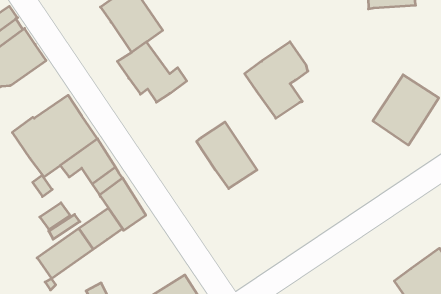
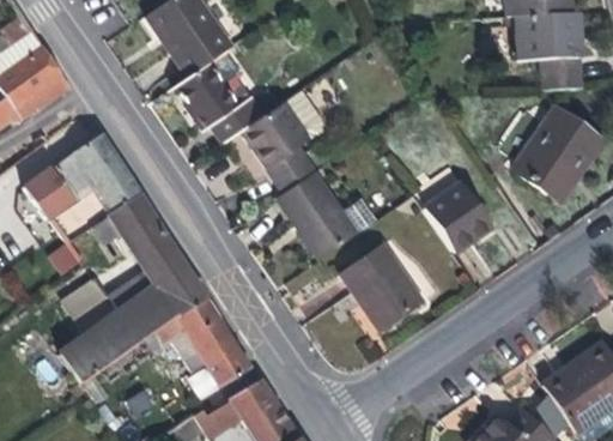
building: none -> [514,12,582,89]
building: [245,42,308,118] -> [239,87,324,191]
building: none -> [424,180,492,252]
building: none -> [341,243,420,327]
building: none -> [156,295,251,383]

